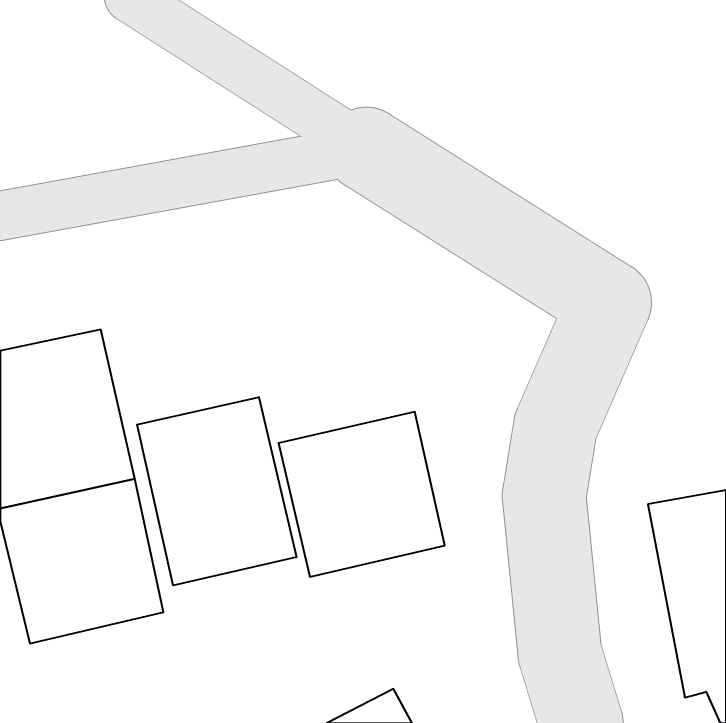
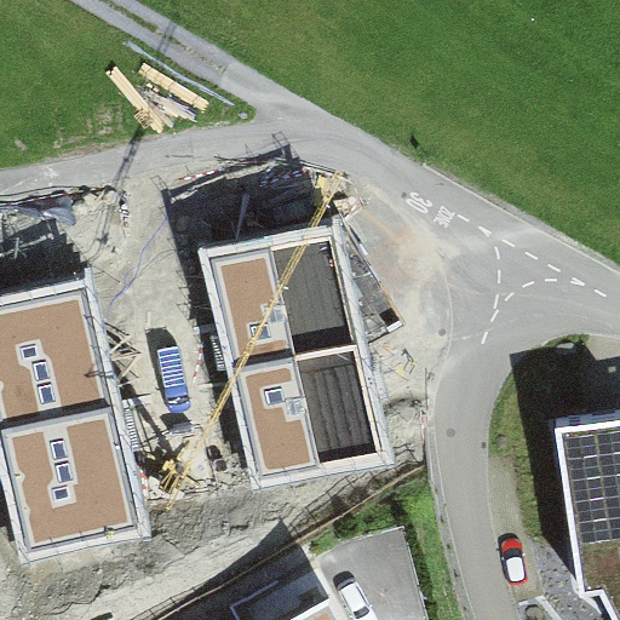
building: none -> [207,223,354,378]
building: [137,397,296,585] -> none

